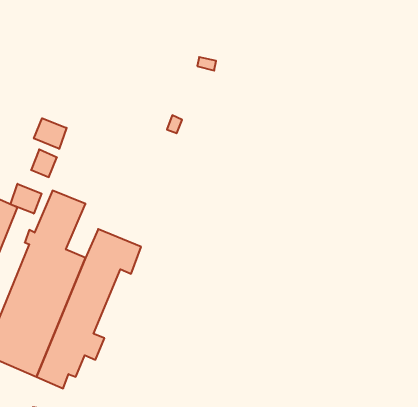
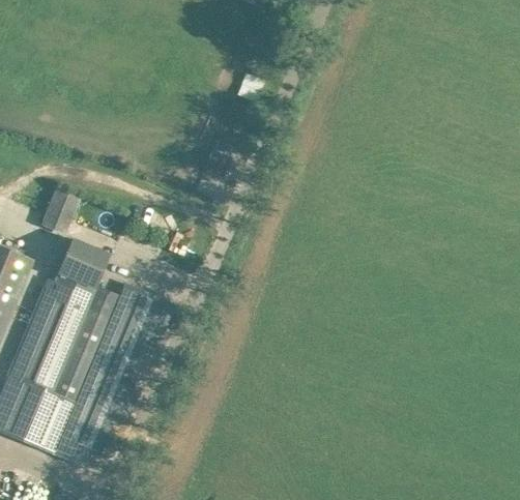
building: [34,118,67,149] -> none
building: [10,184,42,214] -> none

